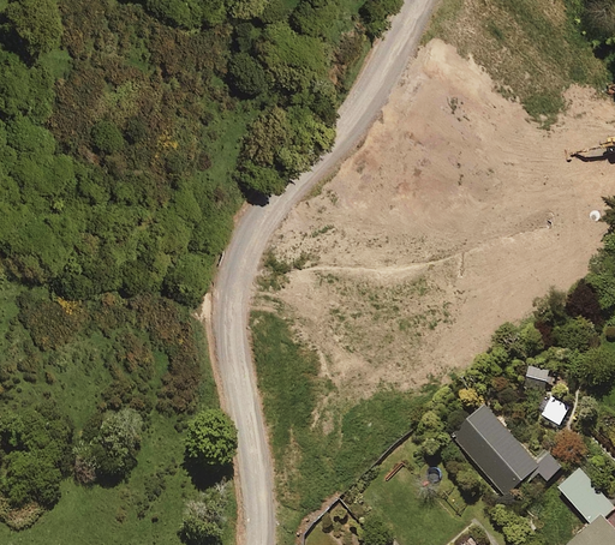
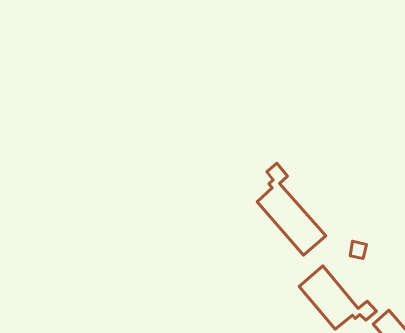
building: none -> [257,163,326,255]

